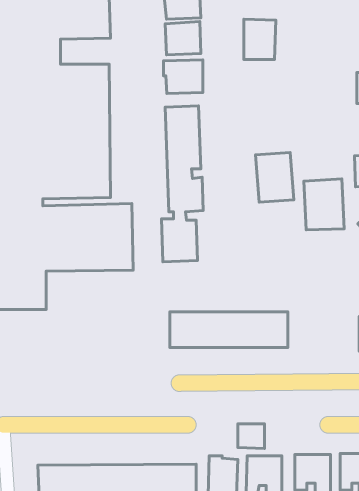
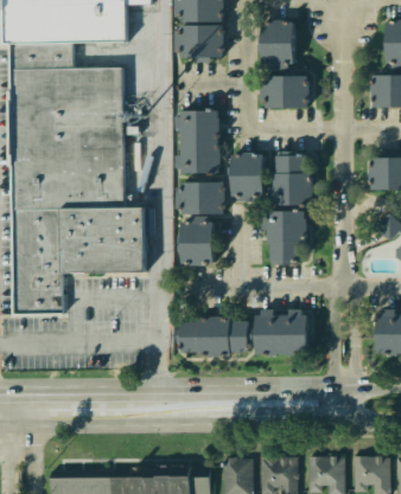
building: [163,60,203,94] -> none
building: none -> [262,76,306,111]
building: none -> [230,154,263,194]
building: [304,179,344,230] -> [266,213,306,264]
building: [238,424,264,448] -> none

